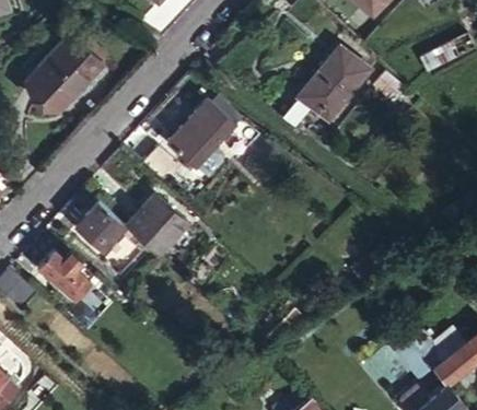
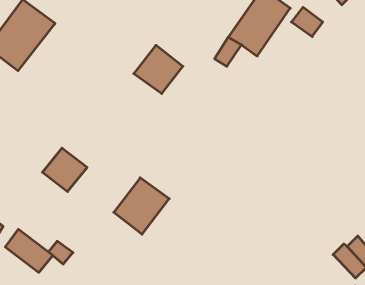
building: [167,128,217,174] -> none
building: [126,192,189,256] -> [114,178,169,234]
building: [38,251,91,302] -> [5,229,53,272]

